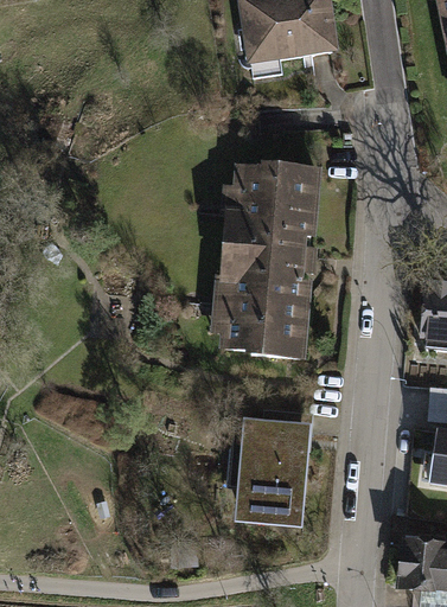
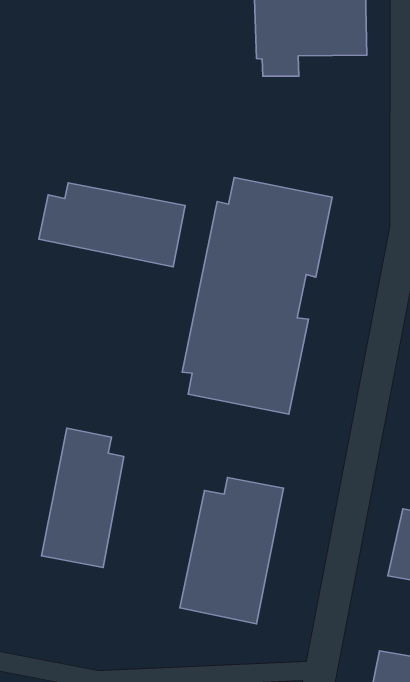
building: none -> [39,183,185,267]
building: none -> [42,428,124,567]

